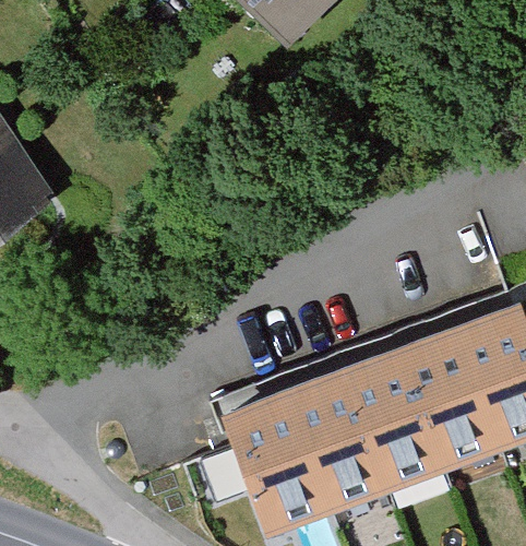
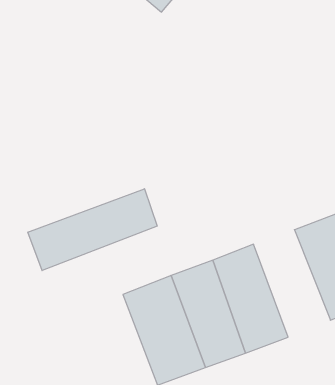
building: none -> [28,189,157,271]
building: [399,325,504,472] -> none

